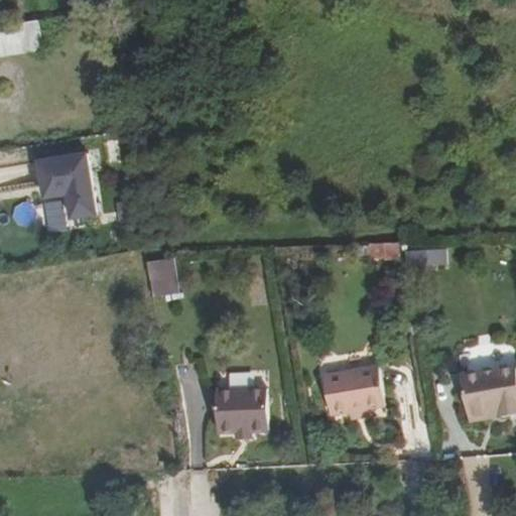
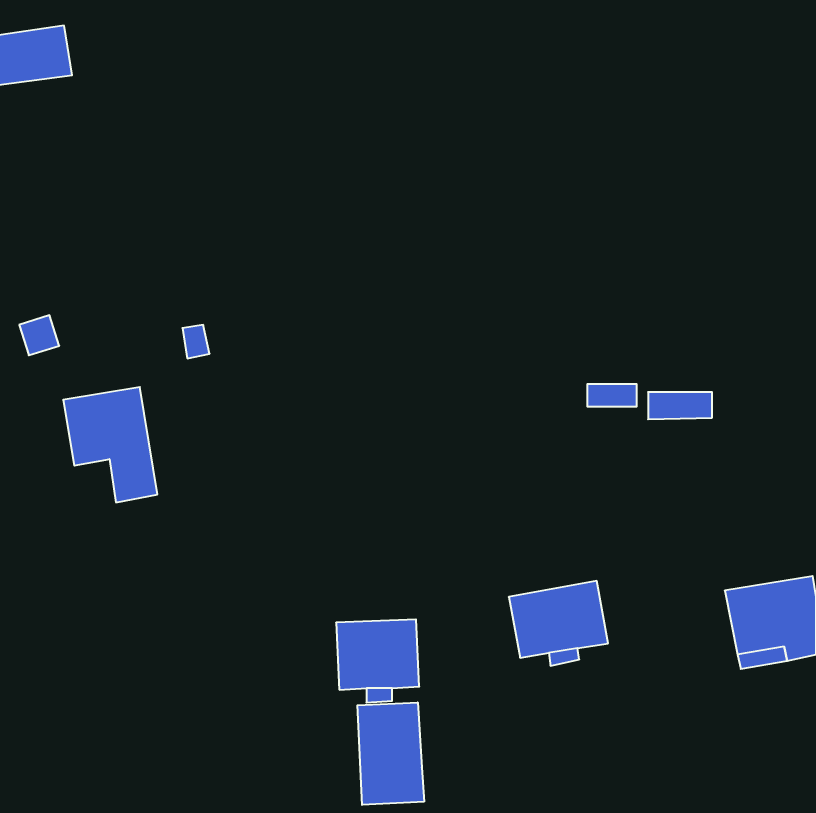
building: [36,150,96,223] -> [63,387,157,502]
building: [150,256,181,295] -> none
building: none -> [357,702,424,805]

